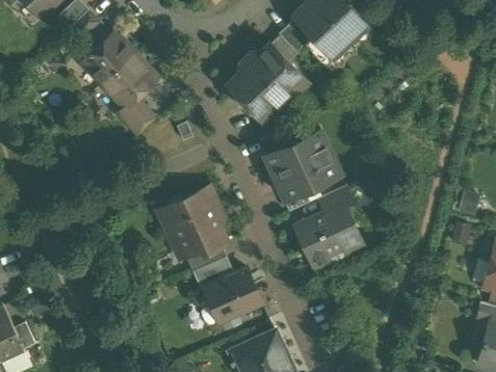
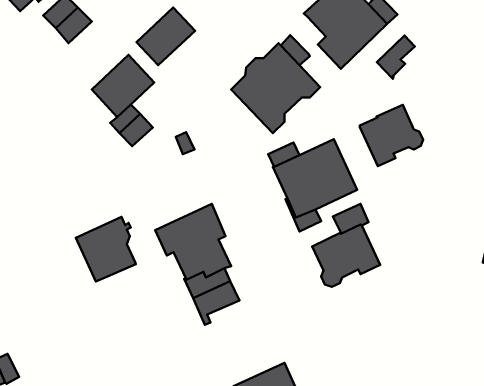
building: [279,18,312,51] -> none
building: [81,31,134,83] -> [136,8,195,65]
building: none -> [377,36,415,79]
building: none -> [360,105,423,166]
building: none -> [76,217,136,282]
building: [205,268,262,320] -> none

